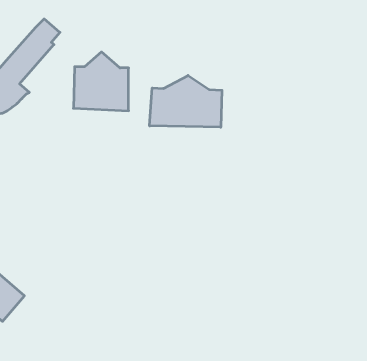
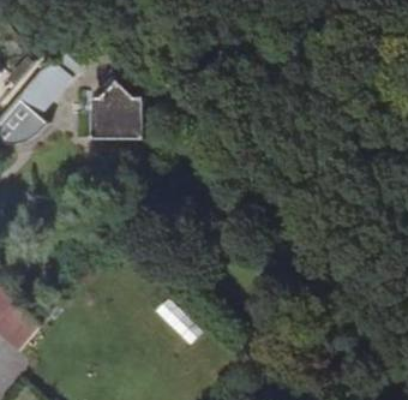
building: [150,75,222,127] -> none

